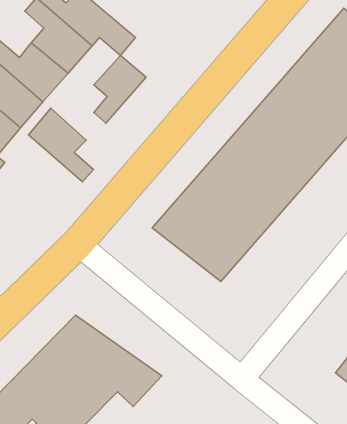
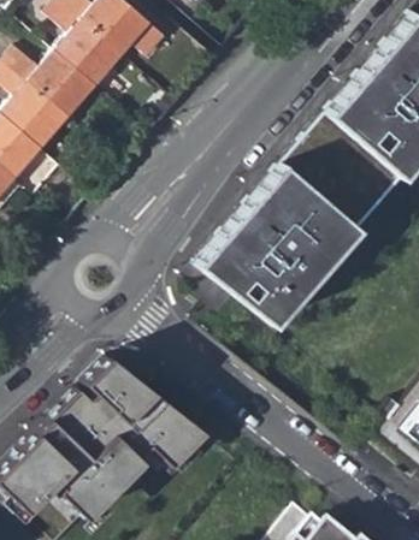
building: [94,55,146,123] -> none
building: [28,108,94,182] -> none

